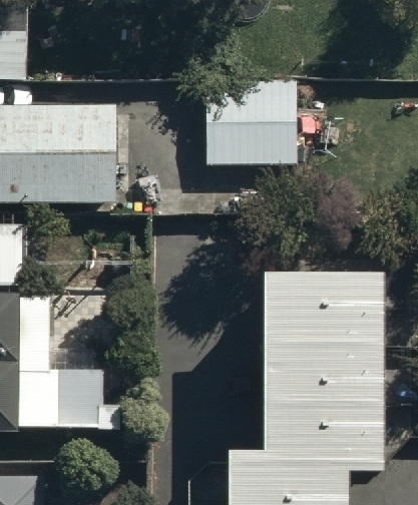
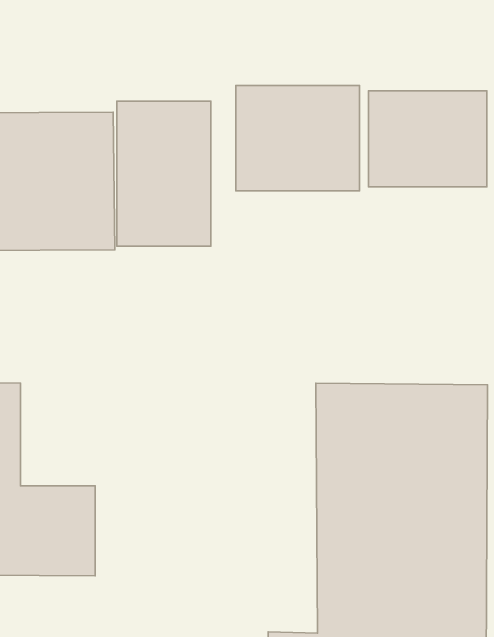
building: none -> [369,91,487,187]
building: none -> [117,101,211,246]

